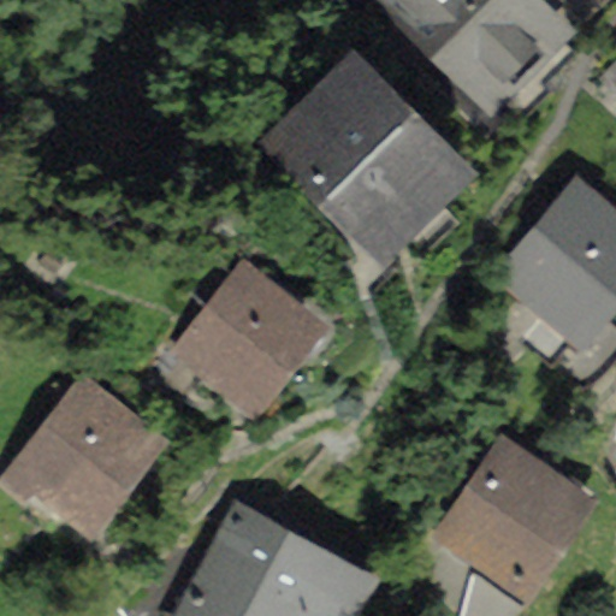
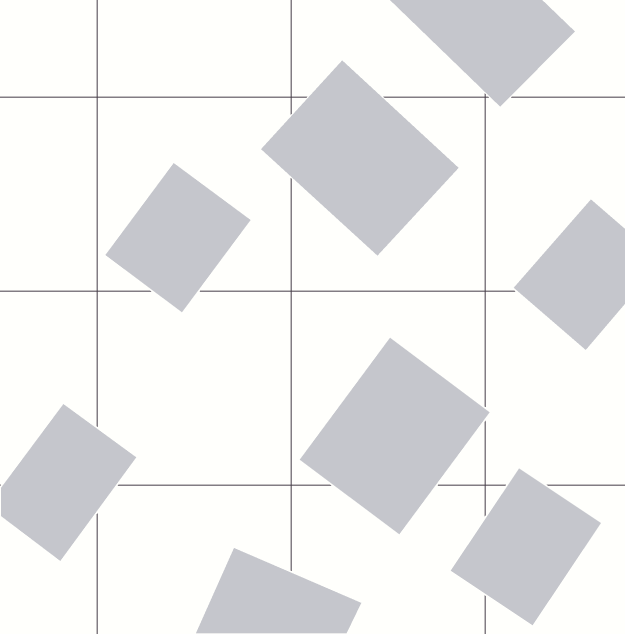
building: [173,261,314,405] -> [104,162,252,313]
building: none -> [298,337,491,535]

